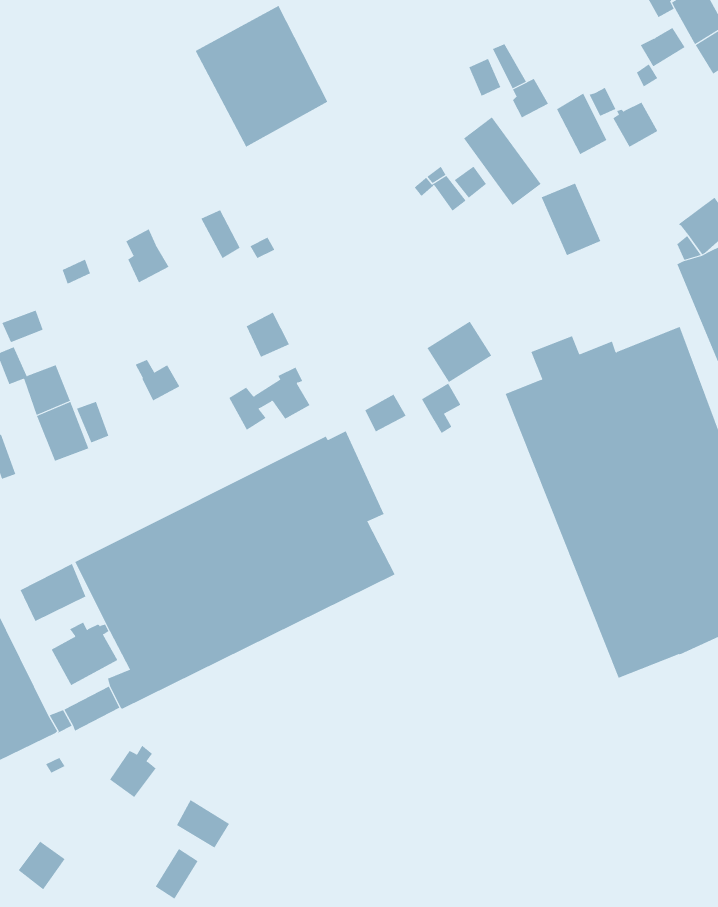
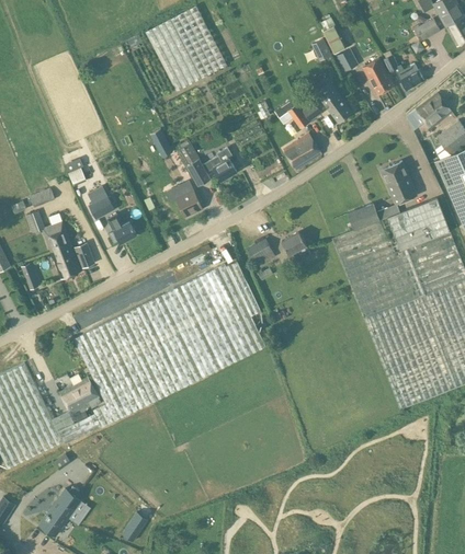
building: none -> [416,92,452,128]
building: [541,183,601,256] -> [381,160,417,204]
building: [126,228,169,283] -> [89,185,115,218]
building: [427,321,492,383] -> [283,132,322,170]
building: [228,367,310,431] -> [188,147,237,185]
building: [20,563,86,622] -> none
building: [109,745,157,798] -> [53,485,81,517]
building: [176,799,230,848] -> none

